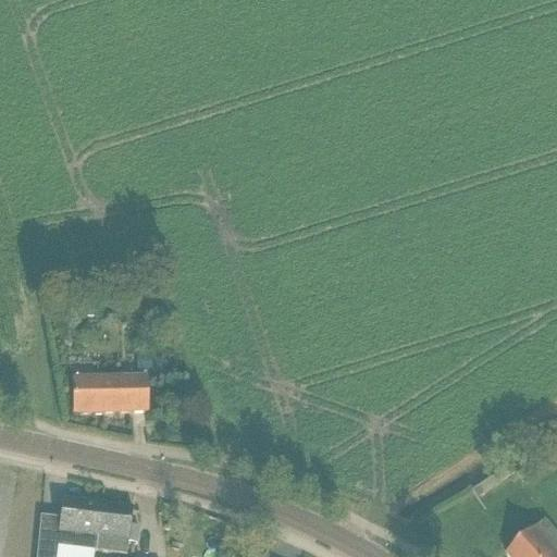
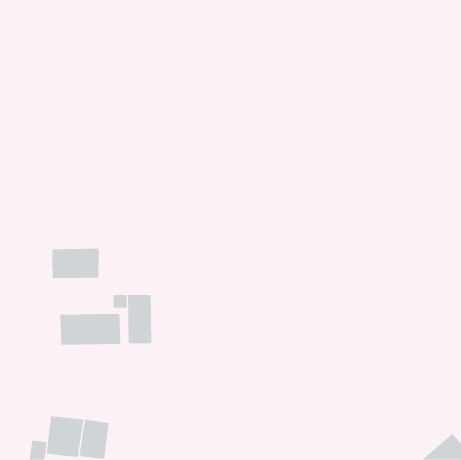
building: none -> [52,248,99,279]
building: none -> [127,294,152,344]

